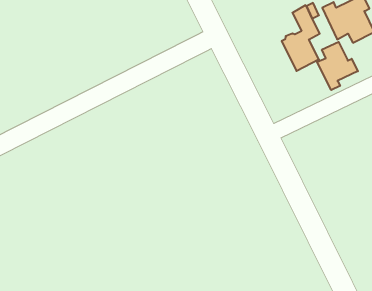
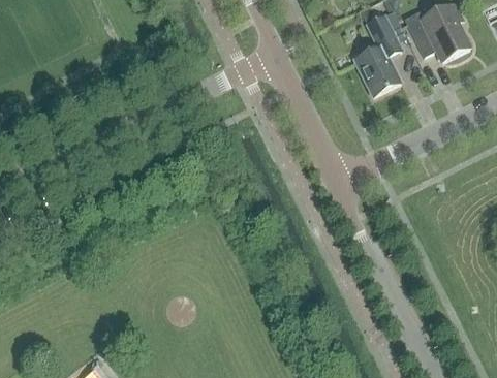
building: [317,42,358,90] -> none

